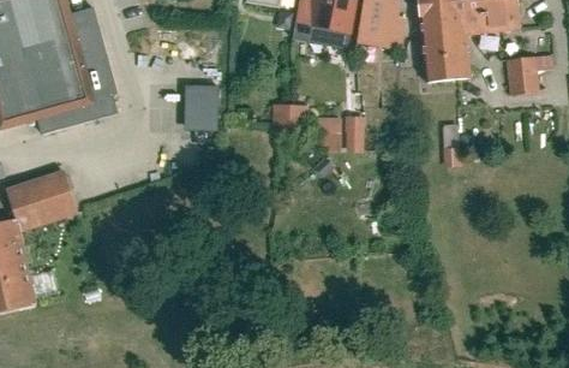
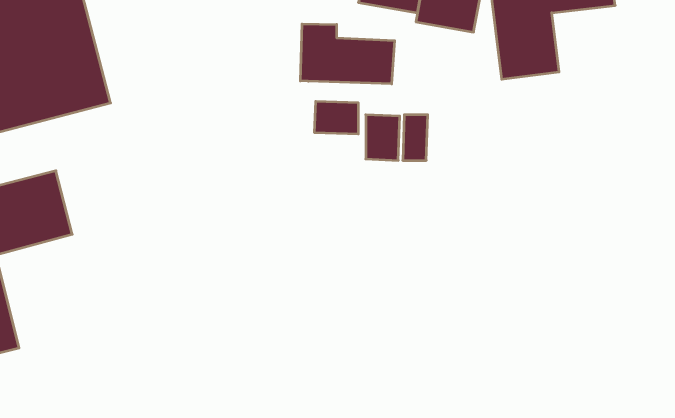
building: none -> [300,24,395,84]
building: [505,55,540,97] -> none
building: [180,87,220,131] -> none

